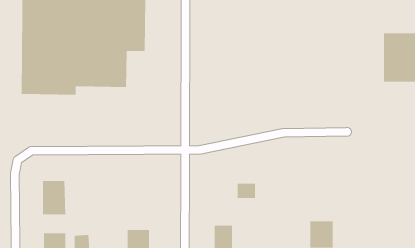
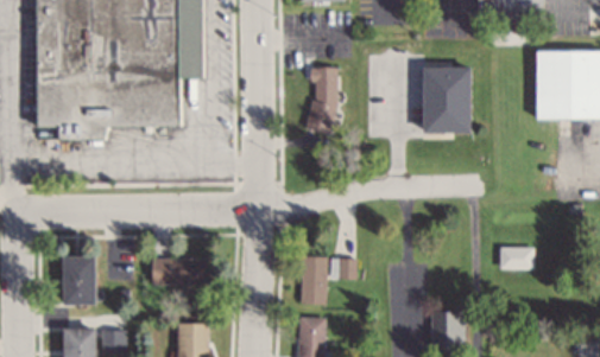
building: none -> [422,66,470,133]
building: none -> [310,68,339,132]
building: none -> [500,247,537,270]
building: none -> [304,256,329,304]
building: none -> [153,257,209,285]

